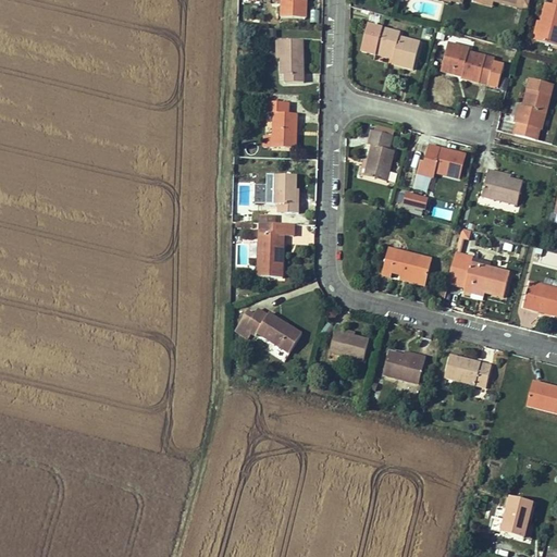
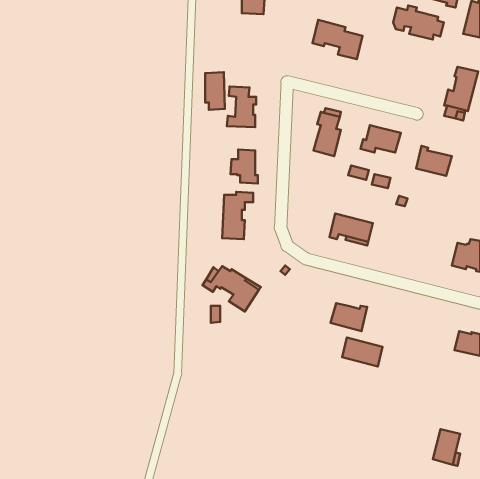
building: [280,38,302,82] -> [205,72,225,110]
building: [442,45,500,84] -> [393,5,444,39]
building: [447,252,509,296] -> none
building: [329,324,368,359] -> none
building: [444,354,491,387] -> [342,337,383,367]

